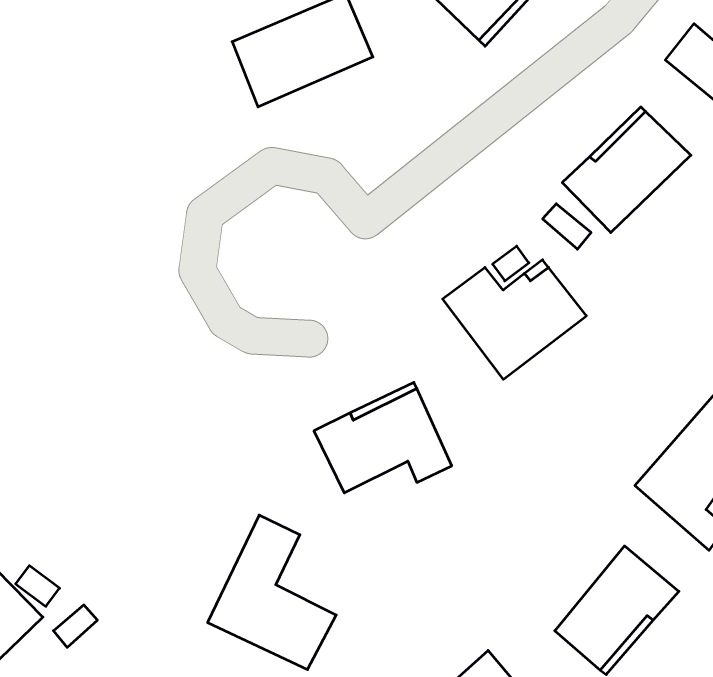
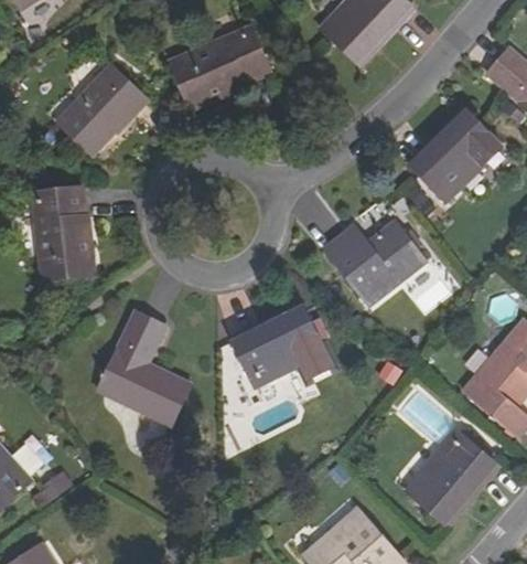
building: none -> [47,72,140,163]
building: none -> [31,185,90,280]
building: [208,515,336,670] -> [96,312,190,425]

